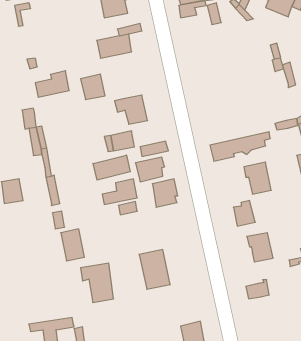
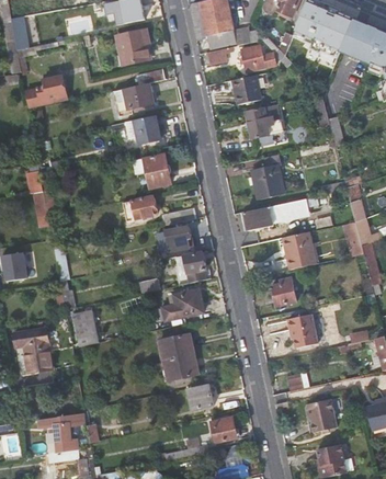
building: none -> [231,73,262,104]
building: none -> [246,104,285,146]
building: [35,71,69,97] -> [26,76,66,106]
building: [81,74,105,100] -> [134,114,162,144]
building: none -> [251,153,285,198]
building: [93,155,130,180] -> none
building: [102,179,137,204] -> [163,289,204,319]
building: [81,263,114,303] -> [13,327,52,373]
building: none -> [188,383,214,409]
building: none -> [306,401,338,434]

